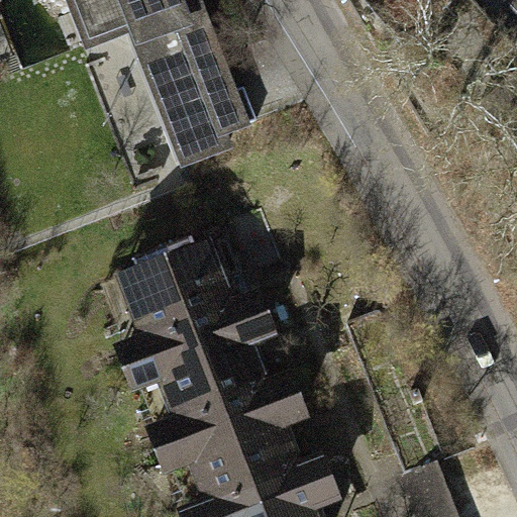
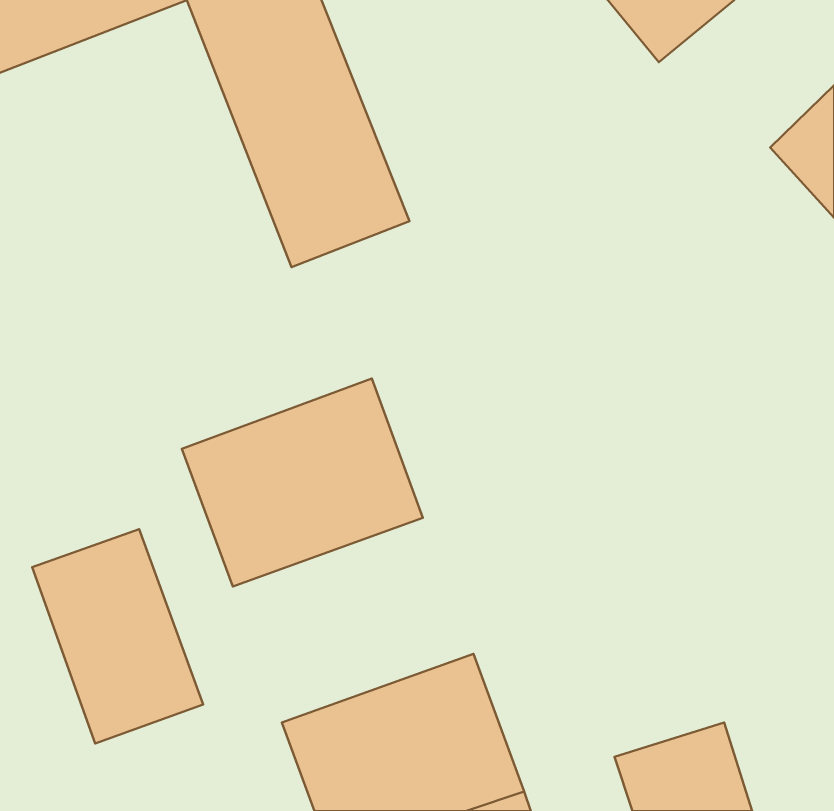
building: [143,319,292,445] -> none
building: none -> [32,529,203,743]

